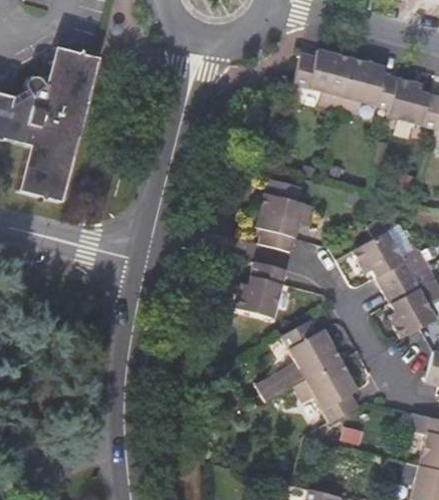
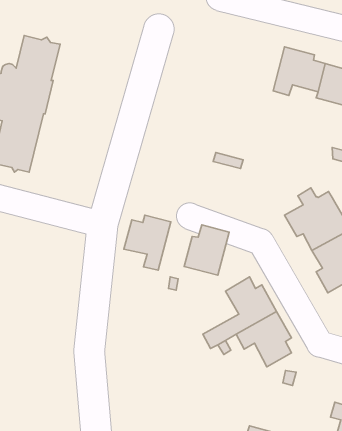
building: [293,49,352,108] -> none
building: [259,197,314,249] -> none
building: none -> [124,215,171,270]

